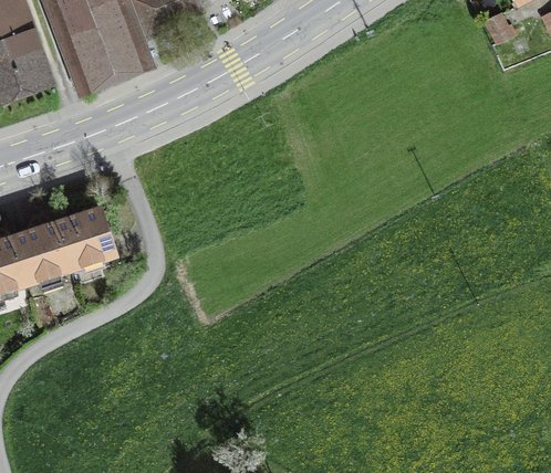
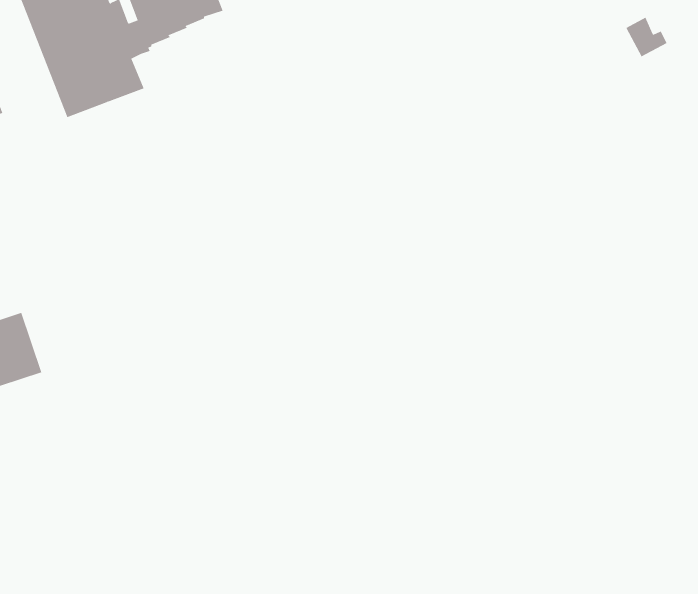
building: [56,208,115,265] -> none

